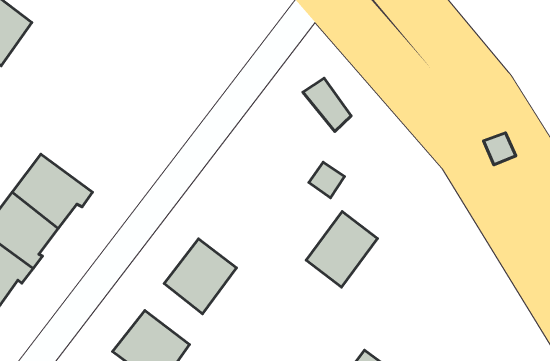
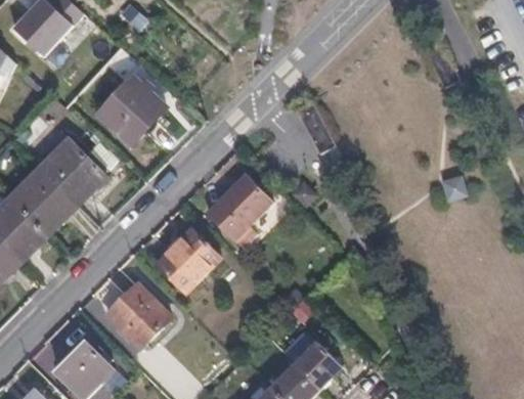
building: none -> [95,73,168,146]
building: [306,212,378,287] -> [209,175,271,238]

